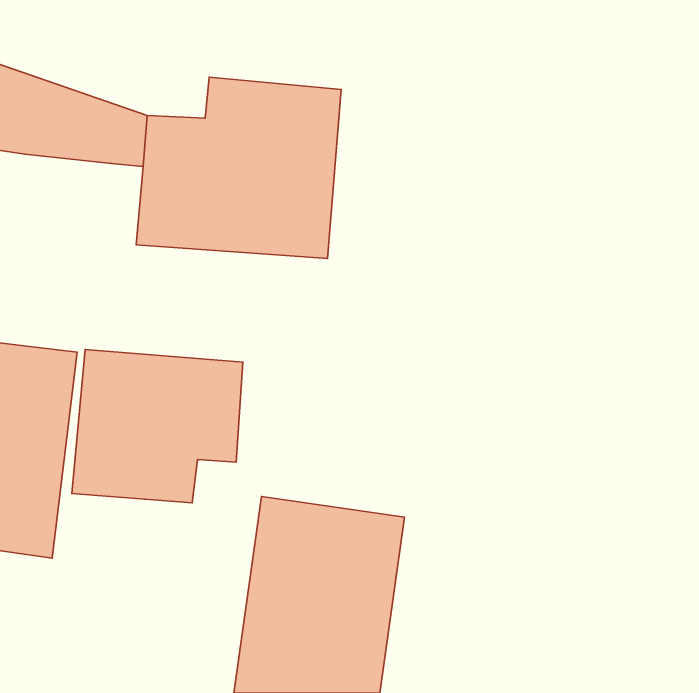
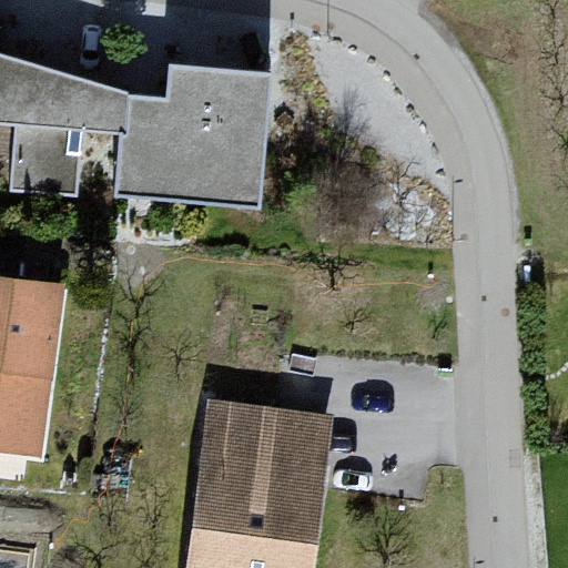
building: none -> [13,124,90,192]
building: [72,349,243,503] -> none

